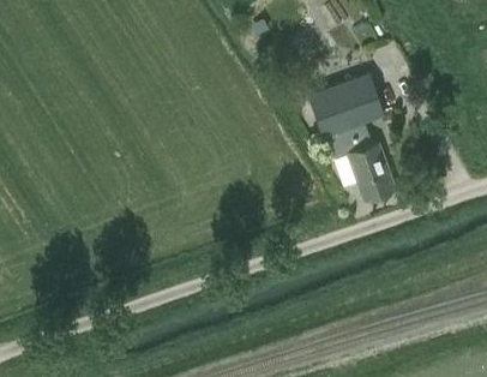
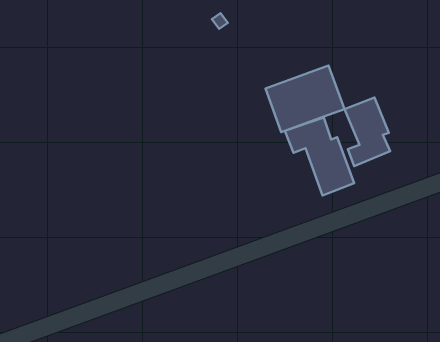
building: none -> [344,98,390,166]

